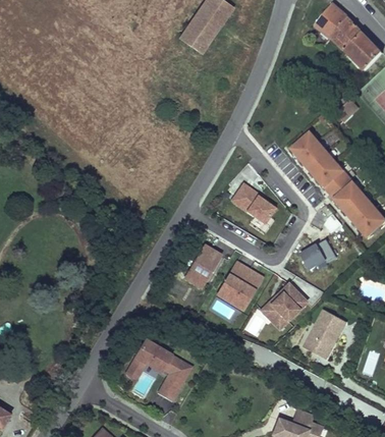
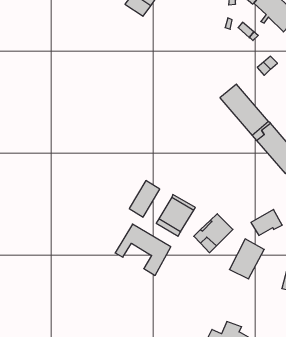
building: [230,183,275,223] -> none
building: [299,238,336,269] -> [251,209,282,235]
building: [127,339,192,399] -> [115,224,171,275]

